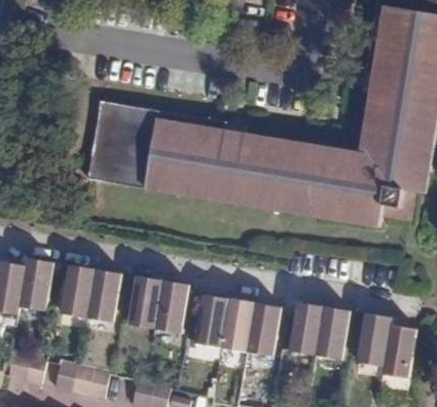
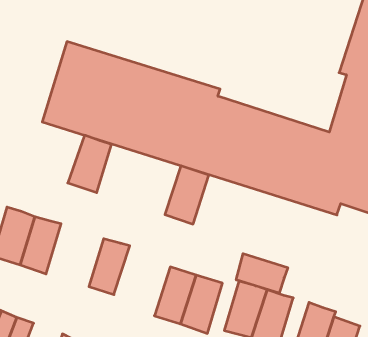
building: [126,276,162,329] -> [68,135,111,193]
building: none -> [236,254,288,293]
building: [193,294,229,347] -> [165,166,209,224]

